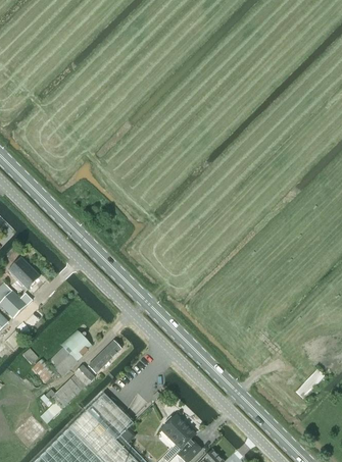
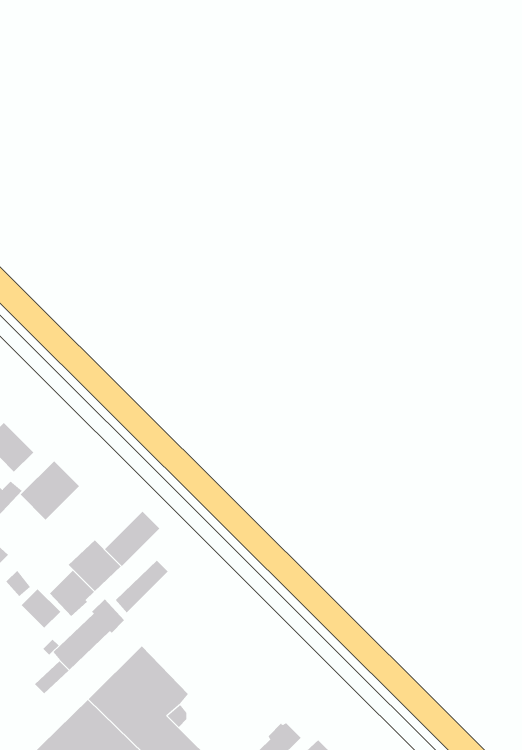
building: none -> [20,460,80,520]
building: none -> [104,511,160,567]
building: [161,416,193,449] -> none

